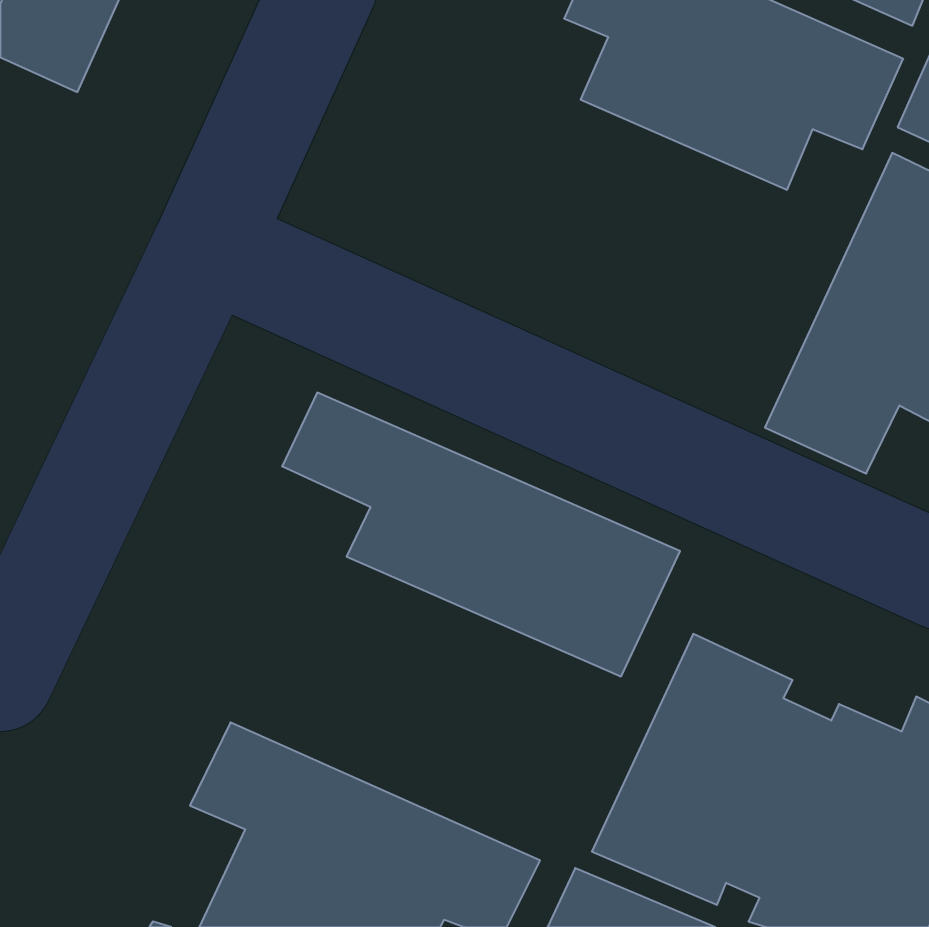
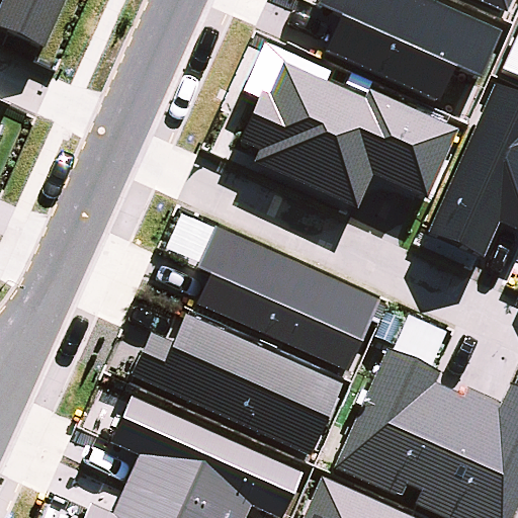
building: none -> [242,41,460,208]
building: none -> [133,314,342,455]

